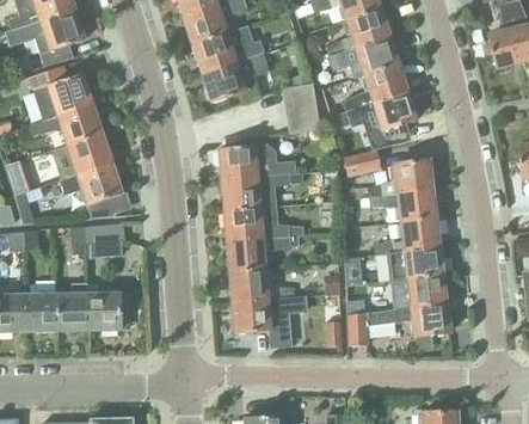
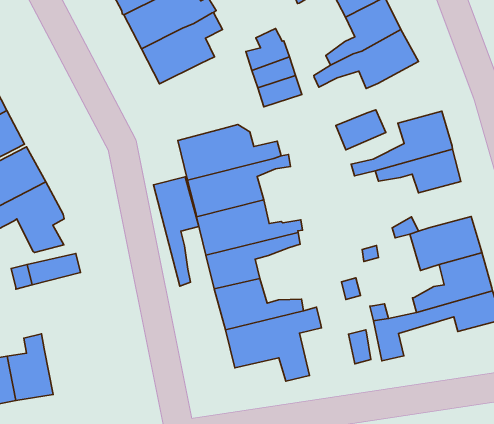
building: none -> [153,177,199,286]
building: [400,216,438,248] -> none
building: [87,294,130,331] -> none

